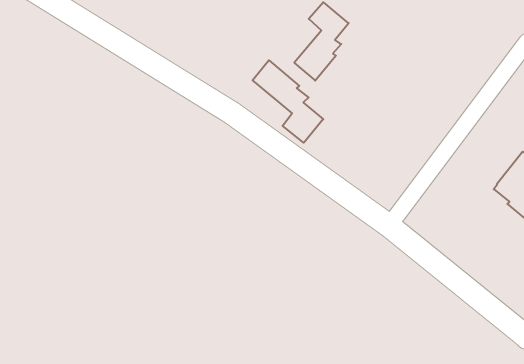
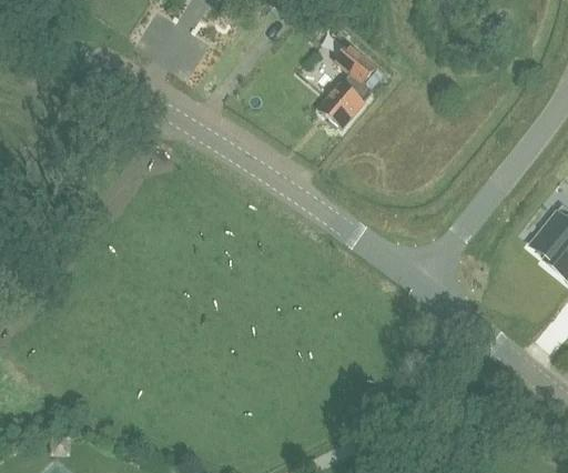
building: [253,60,323,143] -> none

